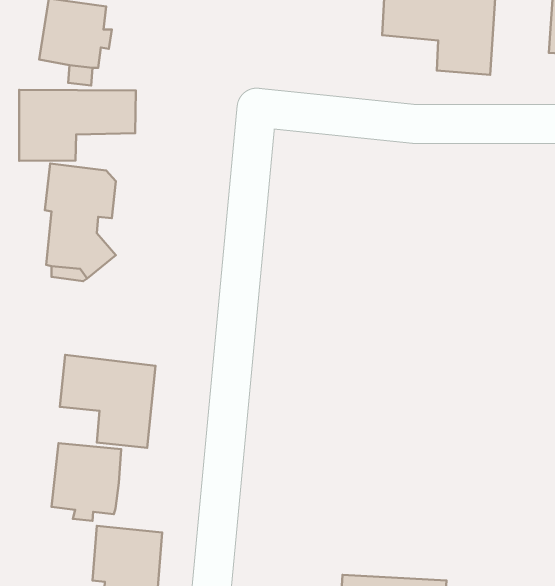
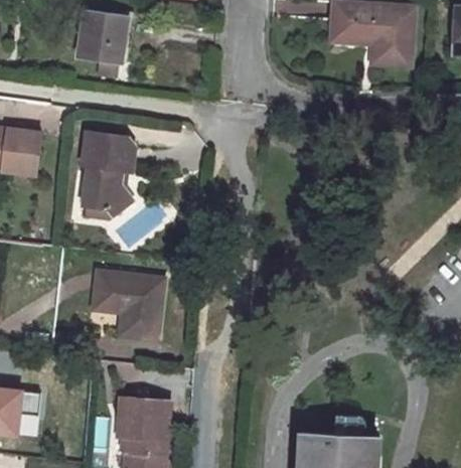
building: [19,90,136,161] -> none
building: [52,443,121,521] -> none

